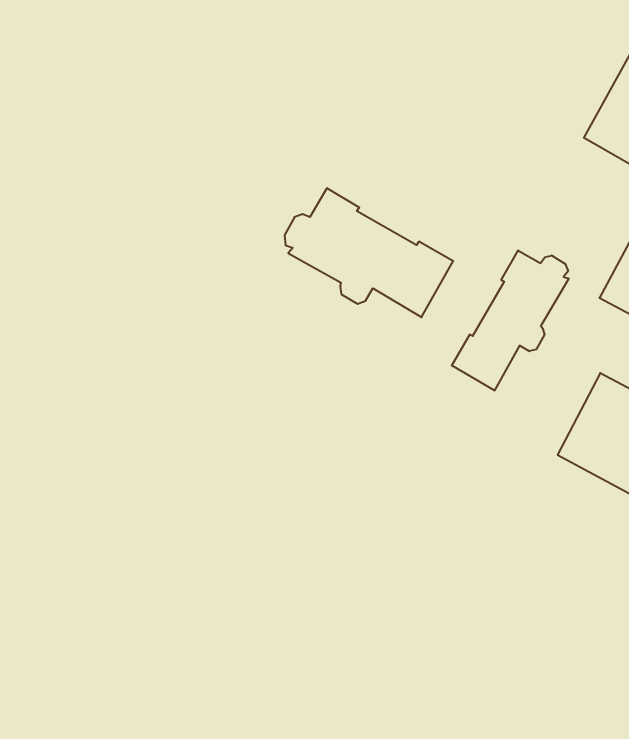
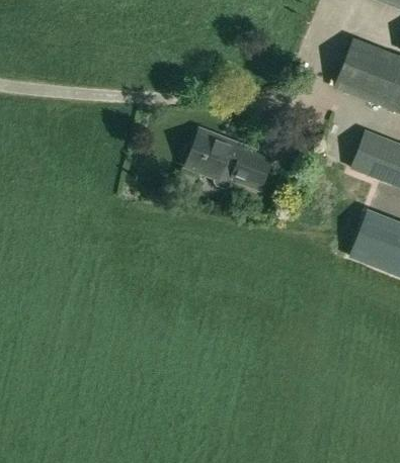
building: [452,250,569,391] -> none

